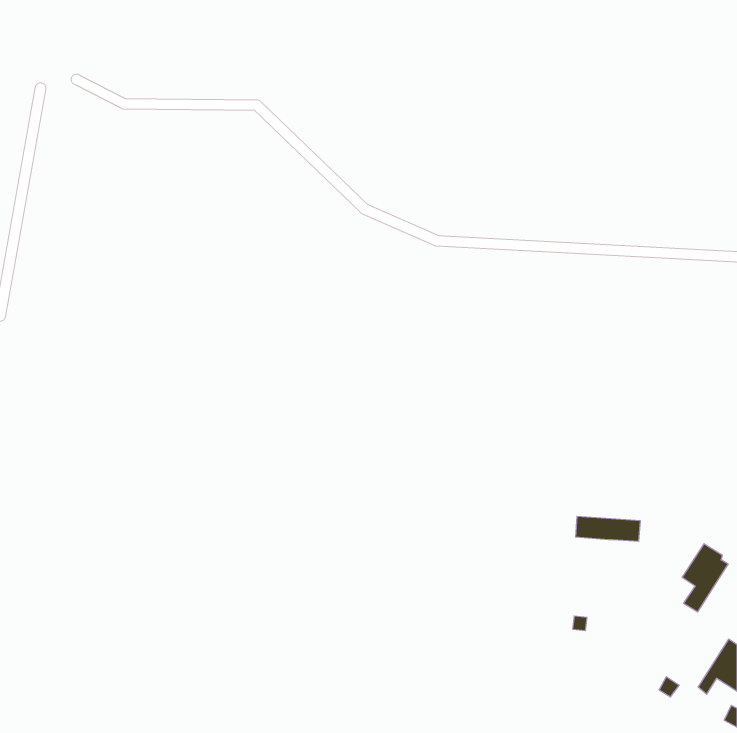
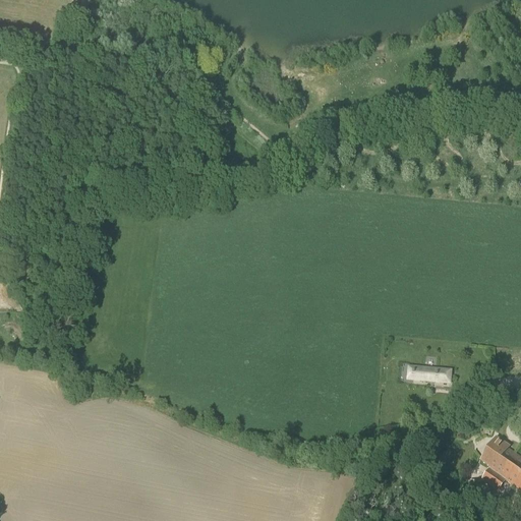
building: [682,544,728,612] -> [481,437,514,484]

